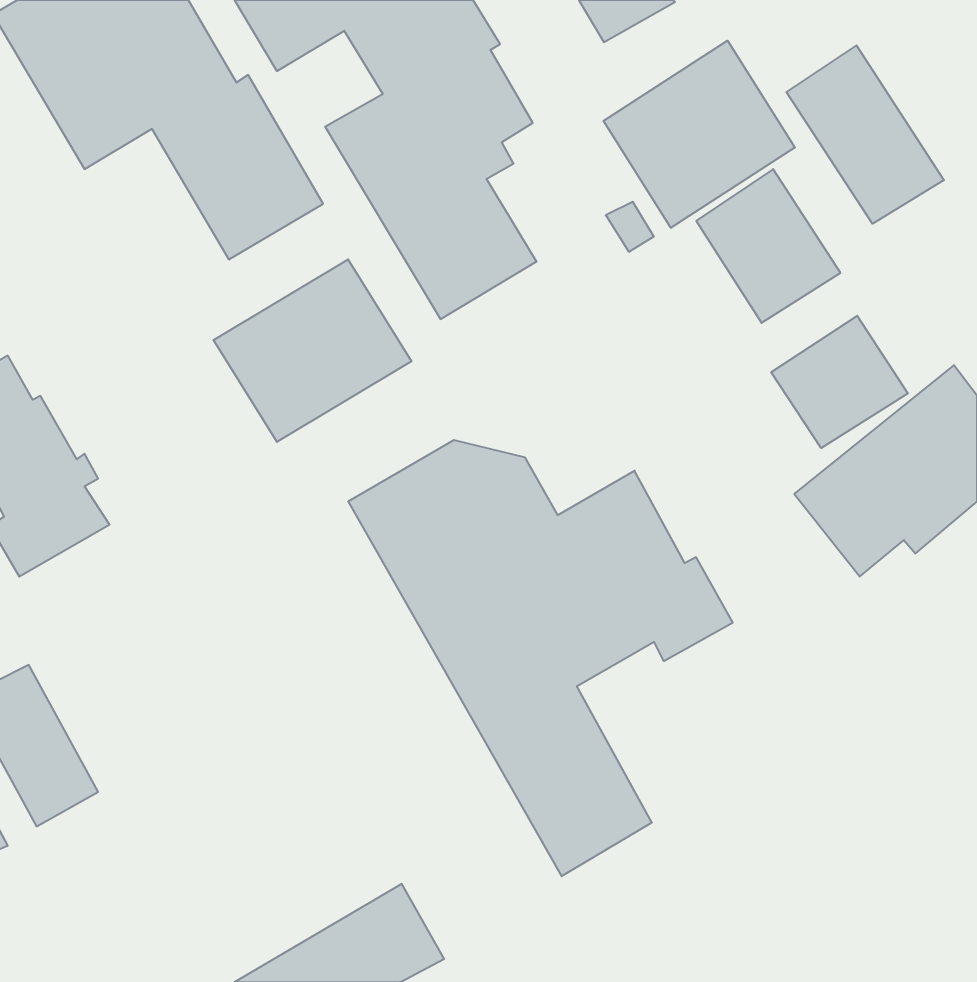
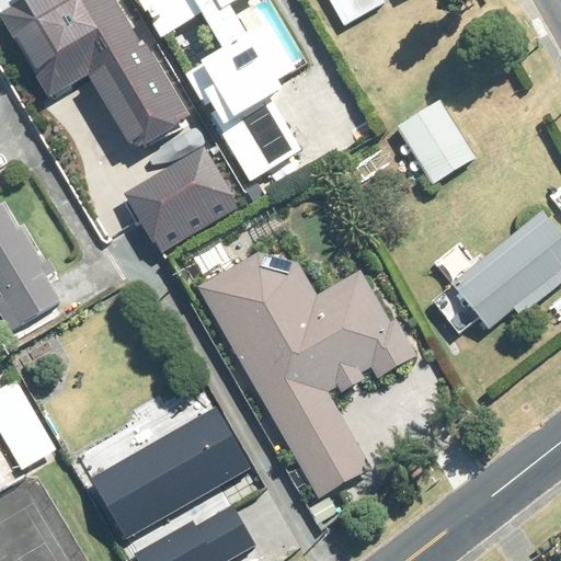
building: [604,41,795,228] -> none
building: [786,45,944,224] -> none
building: [771,316,908,448] -> none
building: none -> [87,408,250,542]

